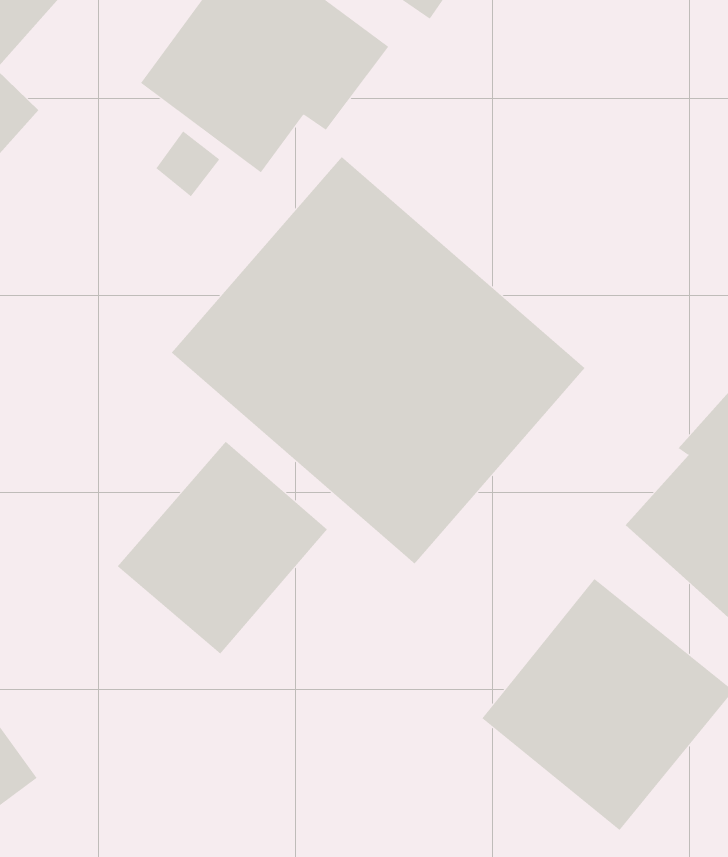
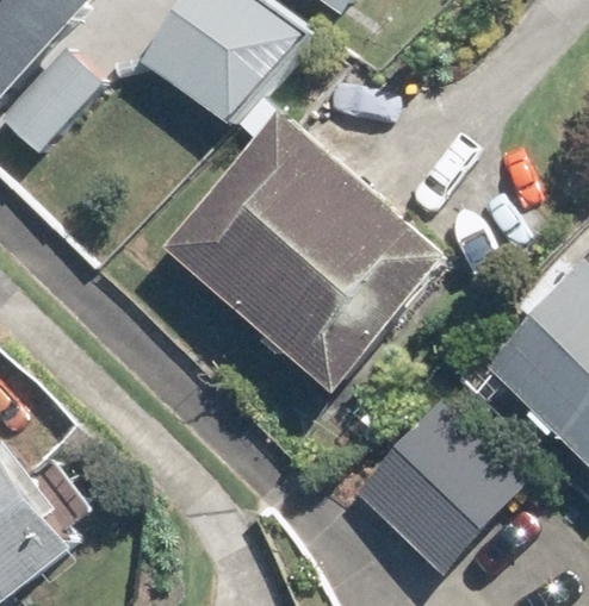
building: [117,441,328,655] -> none

